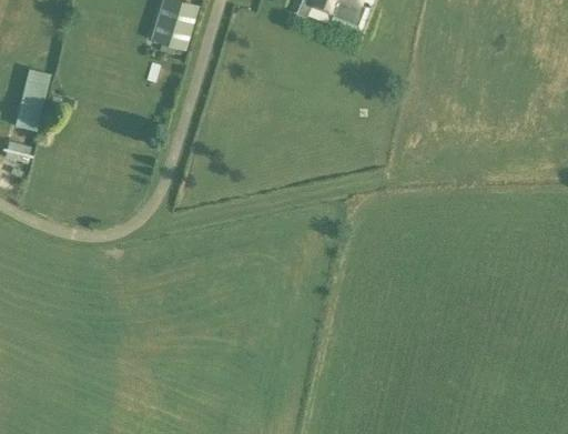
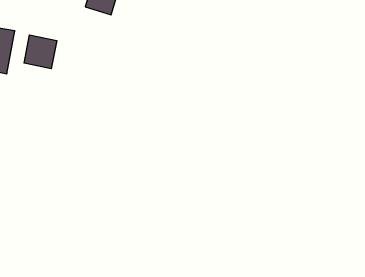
building: none -> [24,35,57,69]

